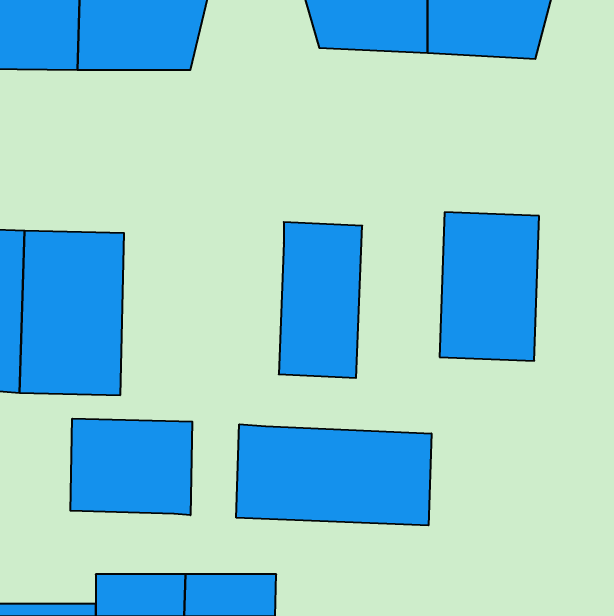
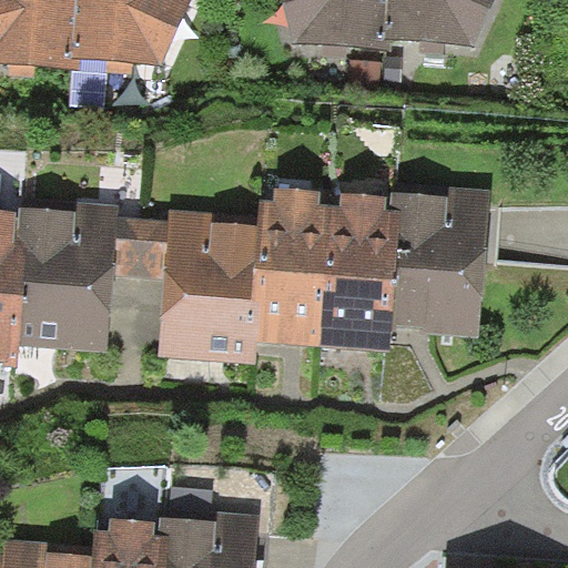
building: none -> [322,190,402,344]
building: none -> [158,215,256,359]
building: [70,419,192,515] -> none
building: [236,424,431,525] -> none

